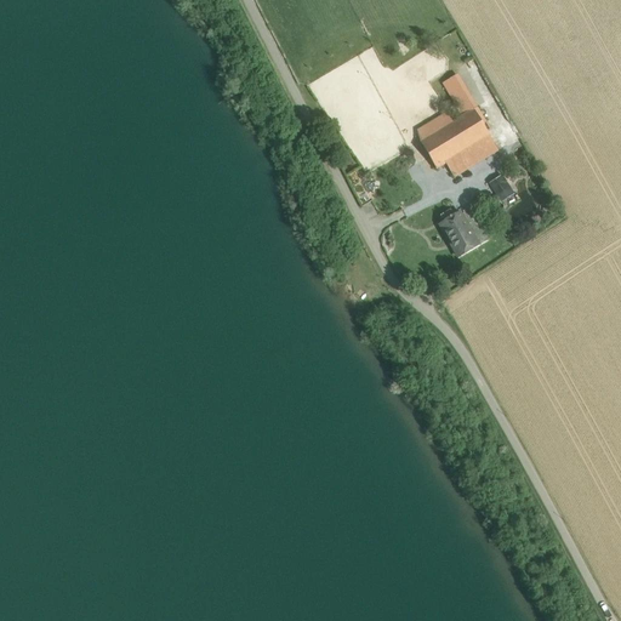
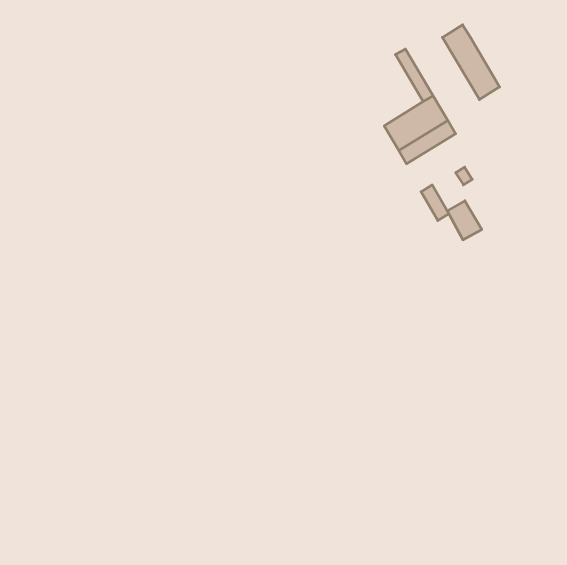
building: none -> [442,25,500,100]
building: [439,209,477,251] -> [447,201,482,240]

